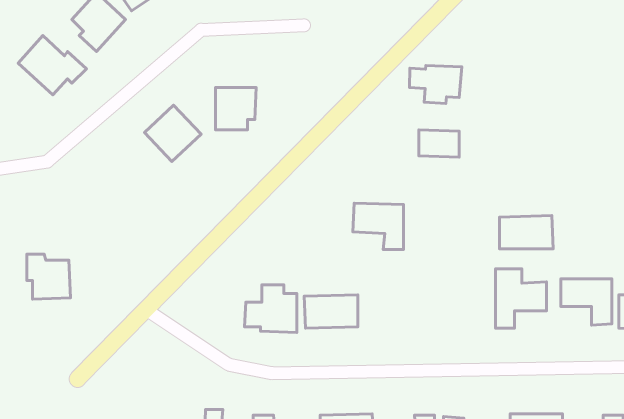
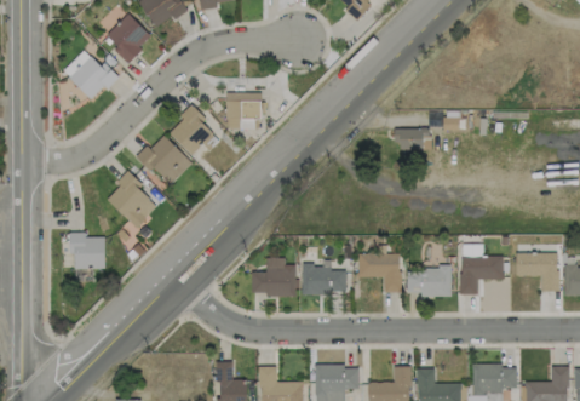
building: [409,66,462,104] -> none
building: none -> [139,133,193,187]
building: none -> [108,171,157,229]
building: [353,203,404,249] -> [358,253,401,292]
building: [500,216,553,249] -> [407,268,452,296]

